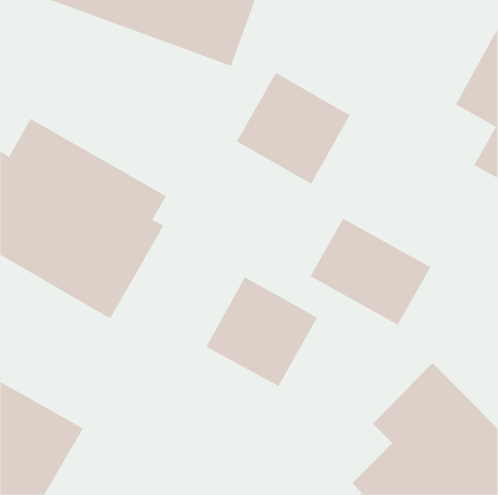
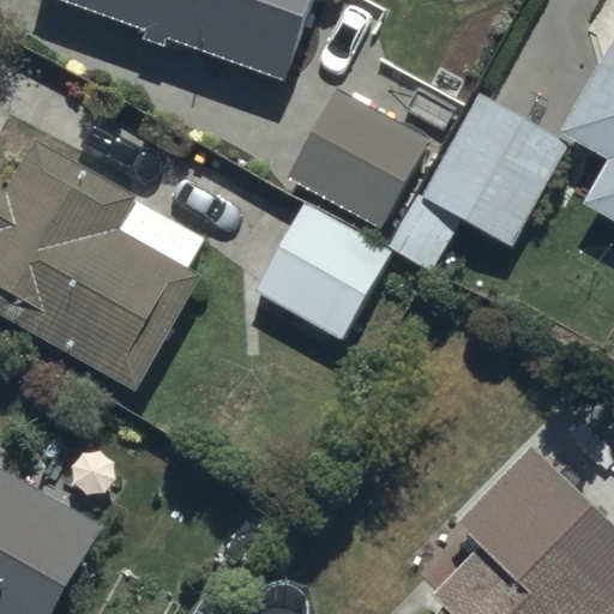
building: none -> [385,91,570,271]
building: [310,218,431,325] -> none
building: [206,277,318,387] -> [253,203,391,338]

